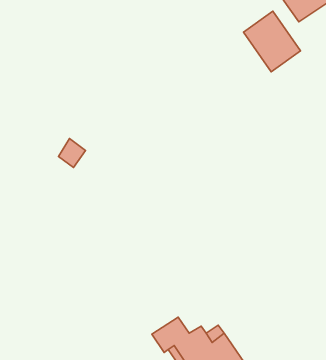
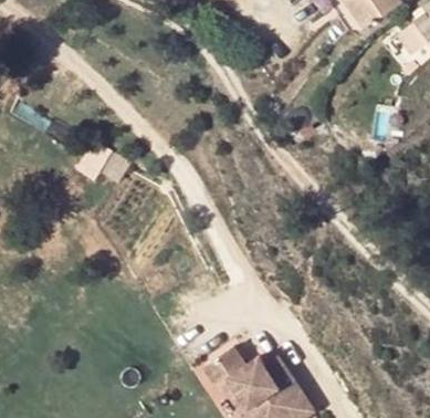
building: [244,11,300,72] -> none

